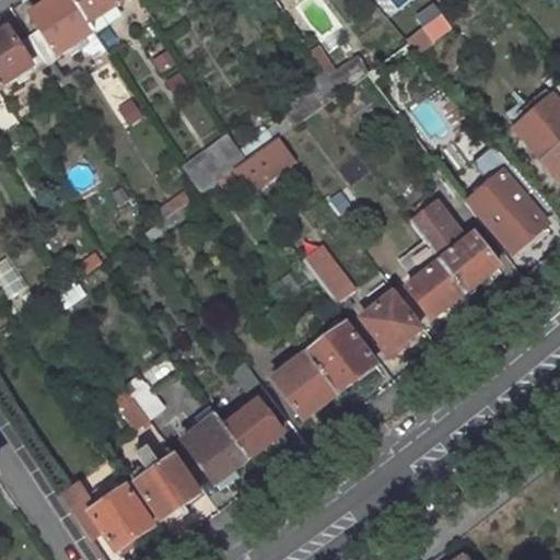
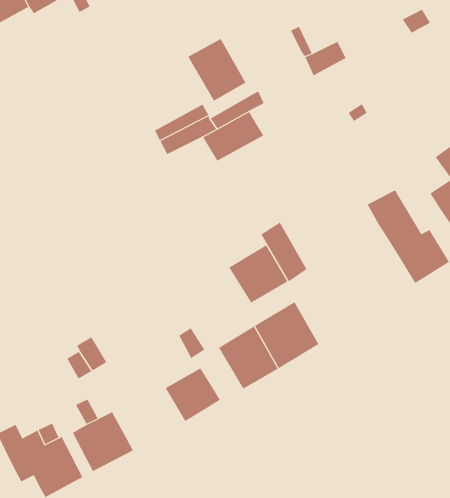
building: none -> [187,38,246,102]
building: [407,260,465,317] -> none
building: none -> [229,245,288,303]
building: [362,293,420,352] -> none
building: [183,415,248,481] -> none

